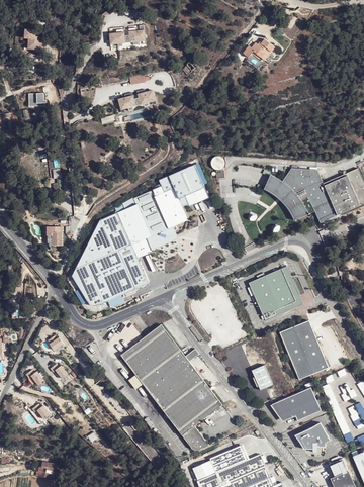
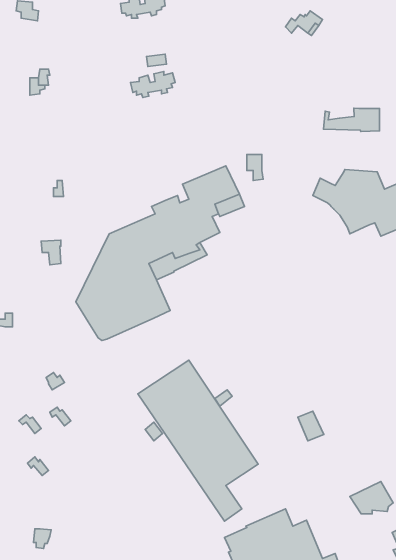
building: none -> [323,108,380,132]
building: [249,264,302,320] -> none
building: [278,319,328,379] -> none
building: [269,386,321,421] -> none

